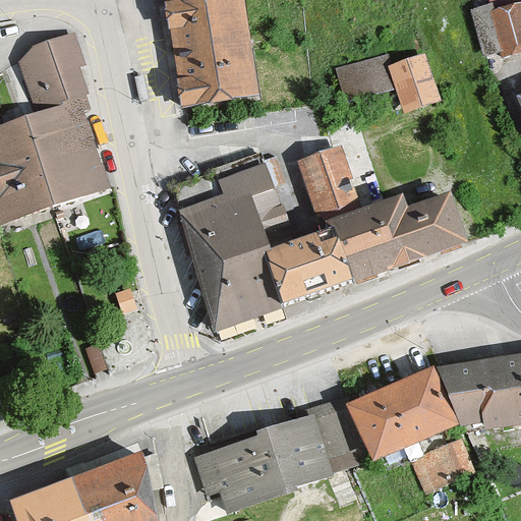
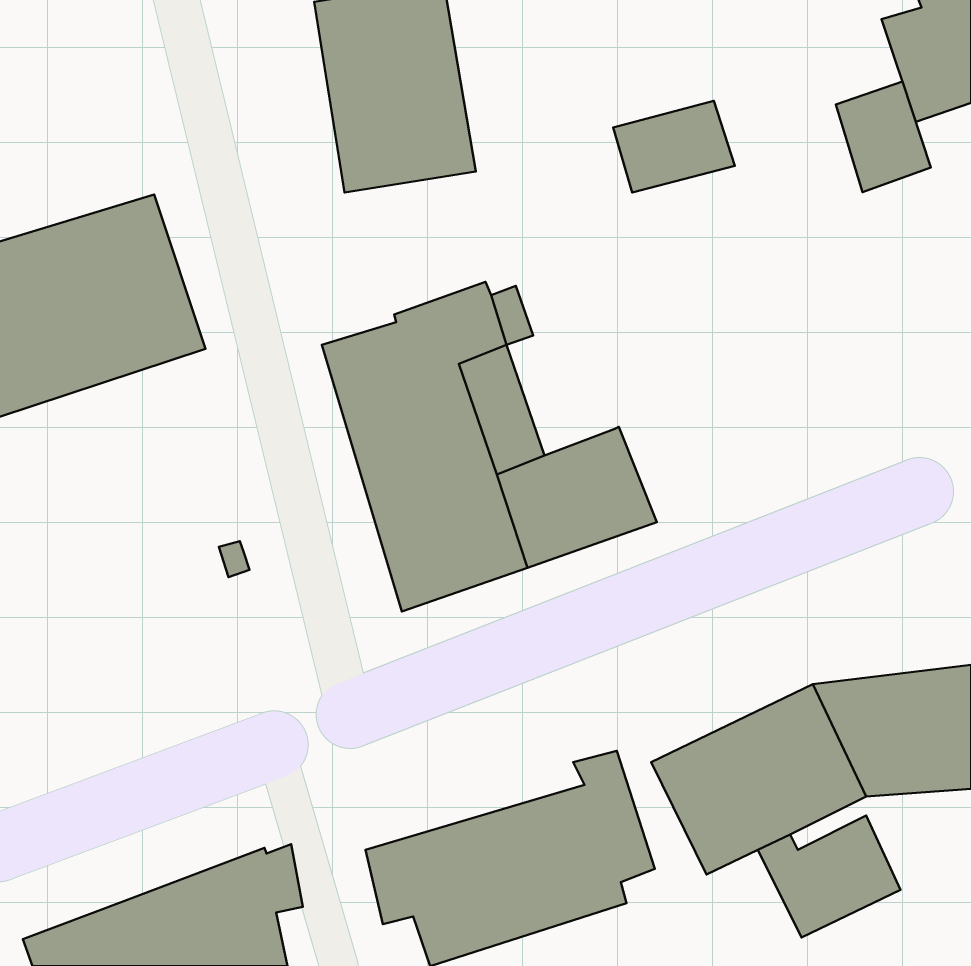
building: [14,34,88,113] -> none
building: [389,54,440,113] -> [836,82,931,192]
building: [304,151,463,279] -> none

